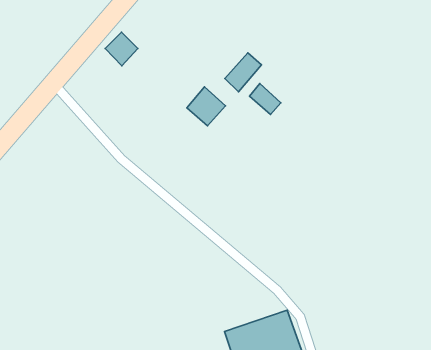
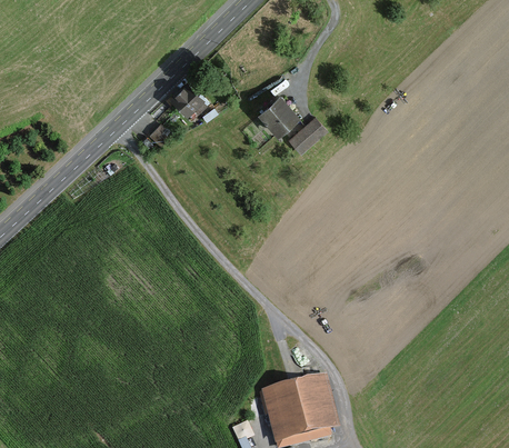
building: [249,83,281,115] -> none
building: [187,87,226,126] -> [258,93,297,132]

